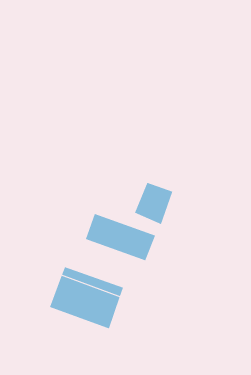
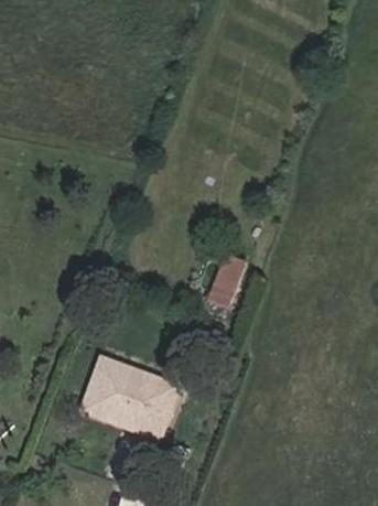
building: [85,213,156,261] -> none

